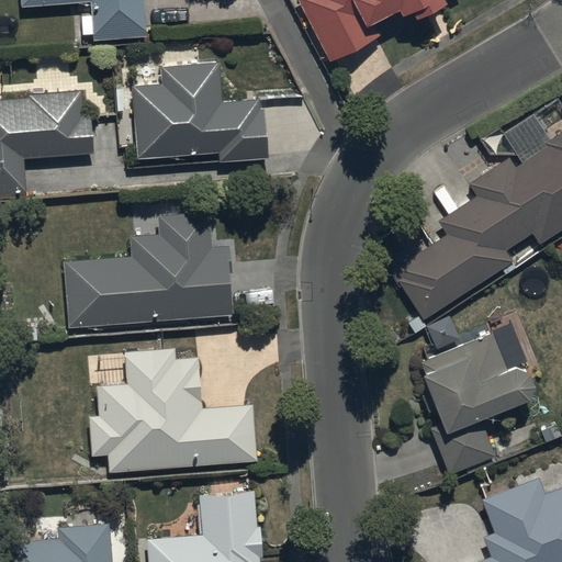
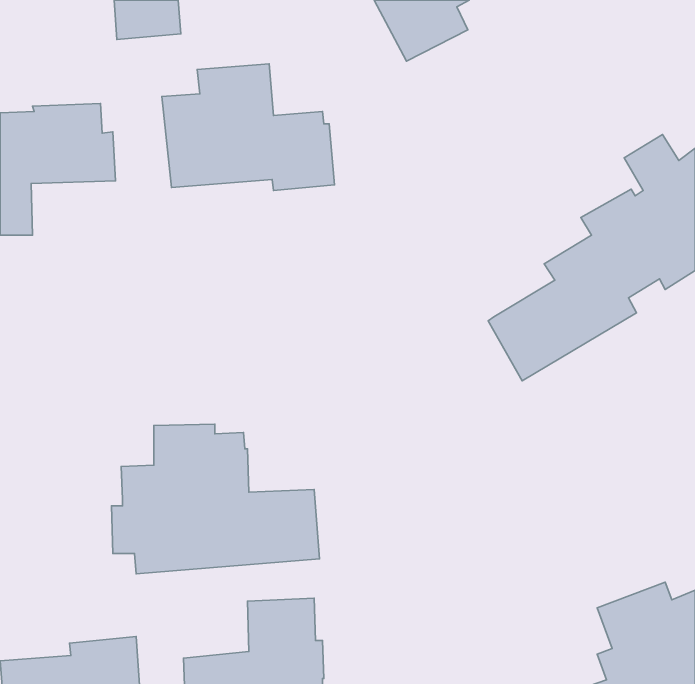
building: [64,212,234,328] -> none
building: [420,333,537,473] -> none

